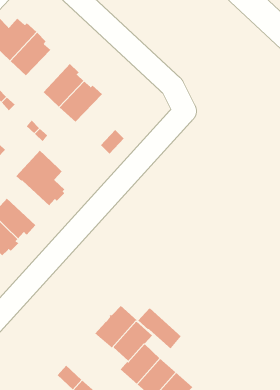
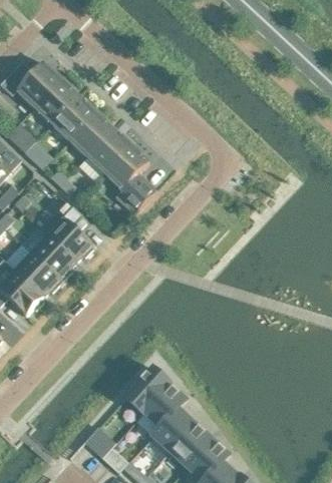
building: none -> [51,95,98,140]
building: none -> [104,142,149,189]
building: none -> [31,234,76,282]
building: [138,308,182,349] -> none

